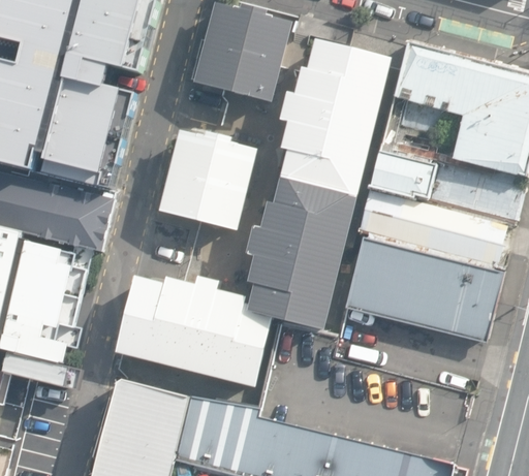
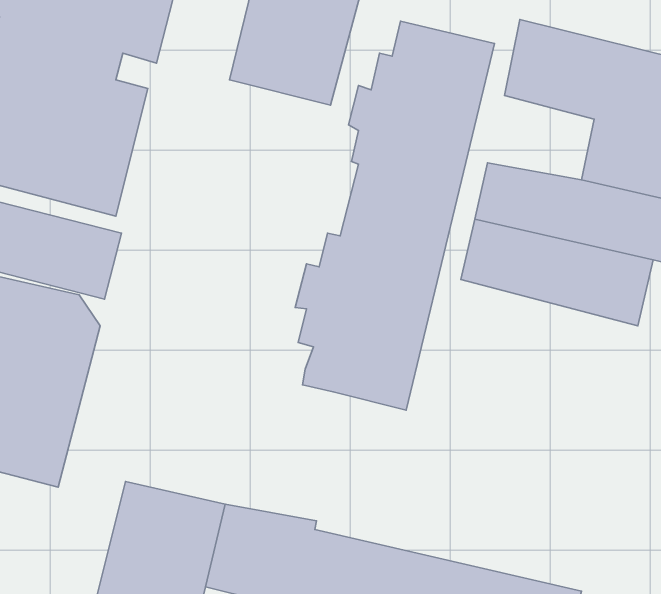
building: [156,132,254,233] -> none
building: [348,233,502,343] -> none
building: [116,274,270,384] -> none

